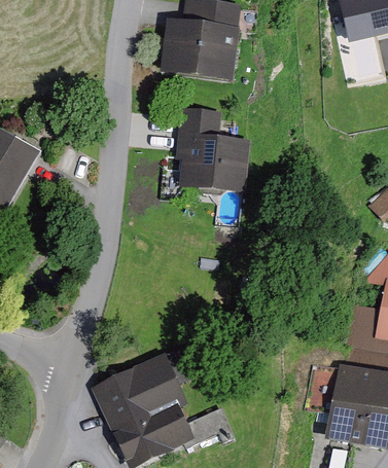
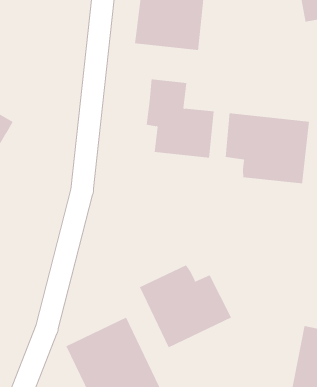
building: none -> [225,113,310,184]
building: none -> [139,264,232,348]

